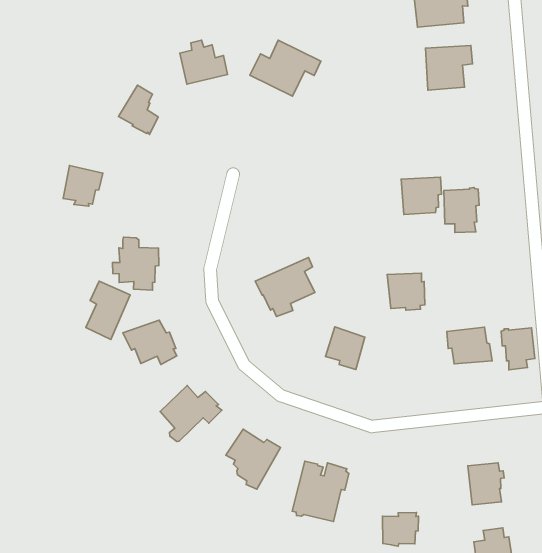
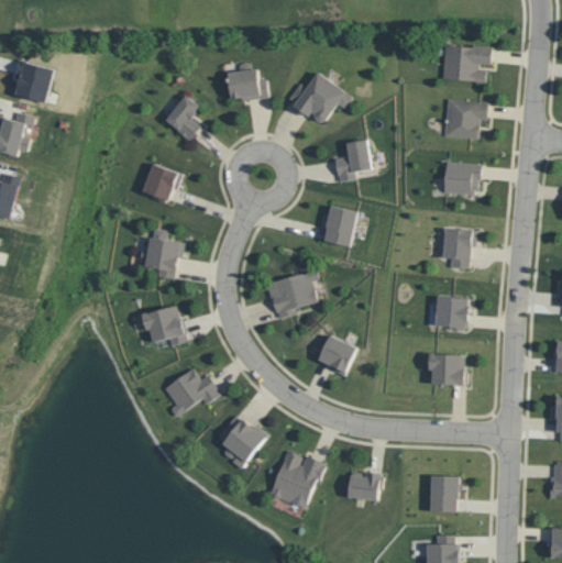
building: none -> [334,140,371,180]
building: [63,165,103,206] -> [143,163,181,201]
building: [401,177,442,215] -> [443,161,481,195]
building: none -> [323,206,356,247]
building: [387,273,425,310] -> [436,295,469,330]
building: [86,281,130,339] -> none
building: [501,328,535,370] -> none
building: [383,513,418,546] -> [346,471,382,500]

